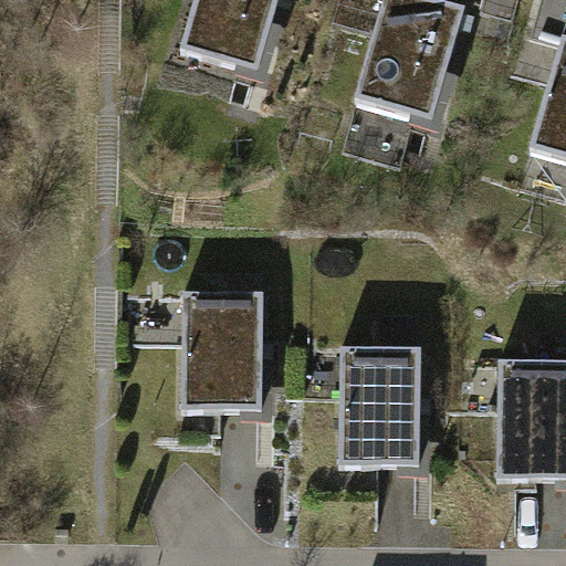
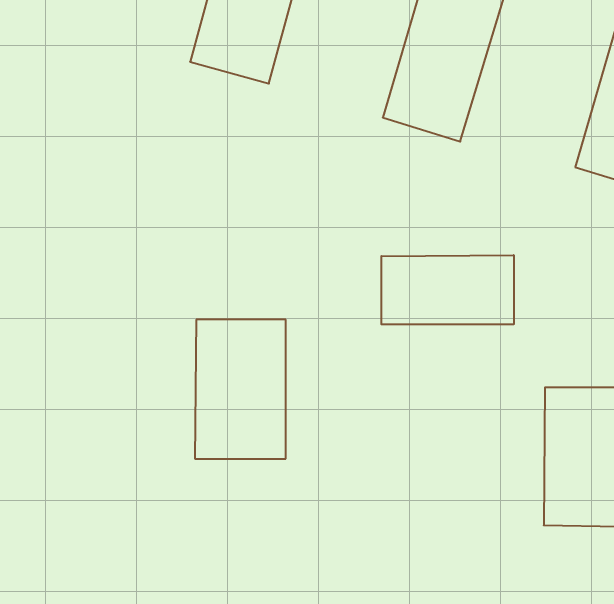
building: none -> [381,255,514,324]
building: [340,345,422,472] -> none

